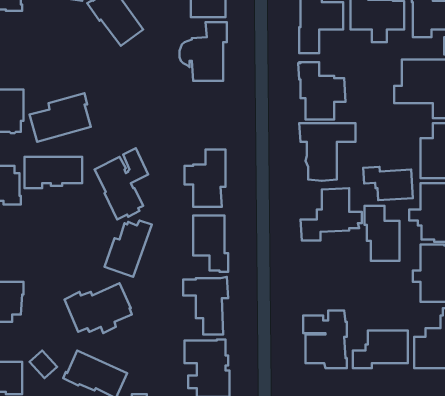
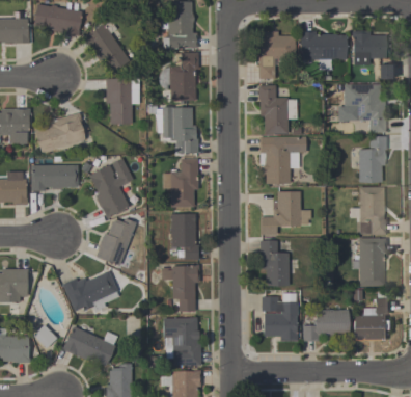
building: none -> [106,79,139,124]
building: none -> [162,108,198,154]
building: [363,167,413,200] -> none
building: [364,206,399,261] -> [259,241,289,287]

